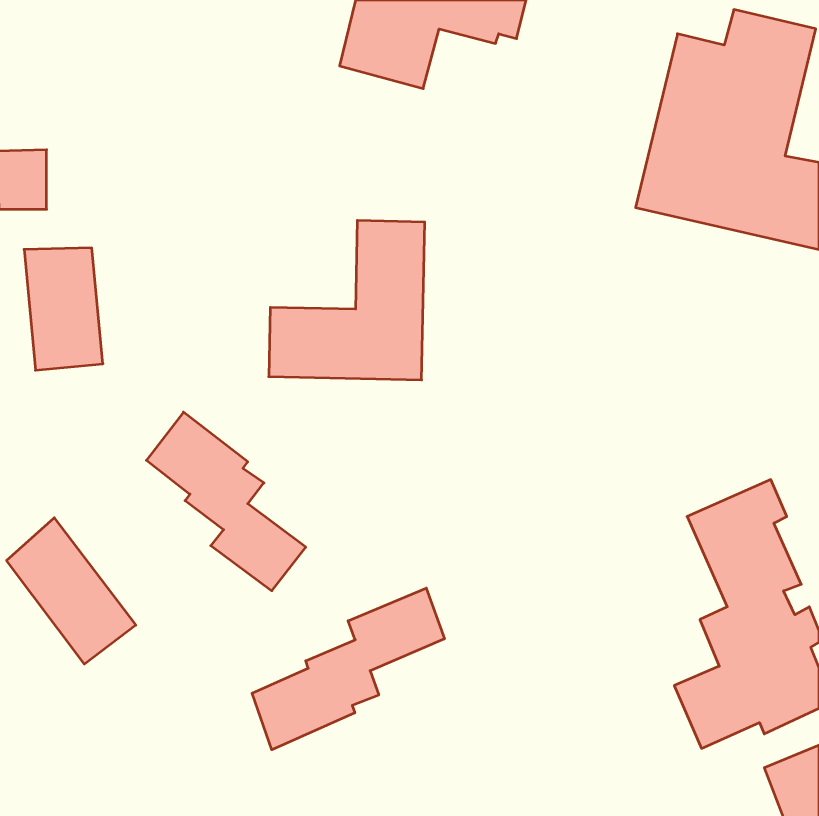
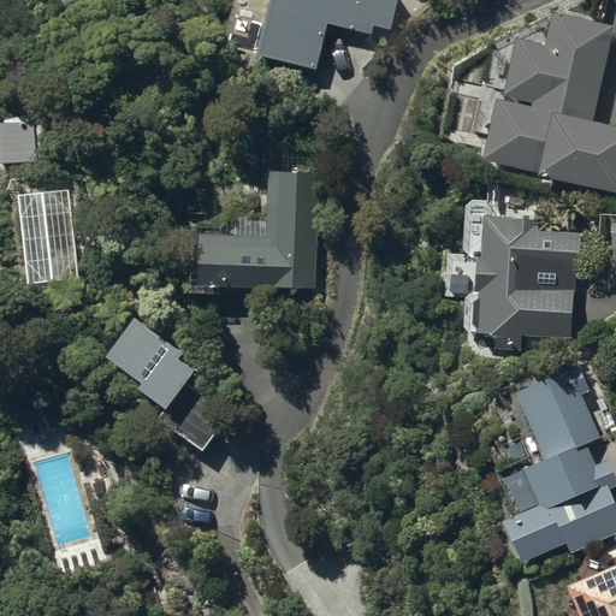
building: none -> [473,211,582,349]
building: [7,518,136,664] -> none
building: [252,588,444,750] -> none

